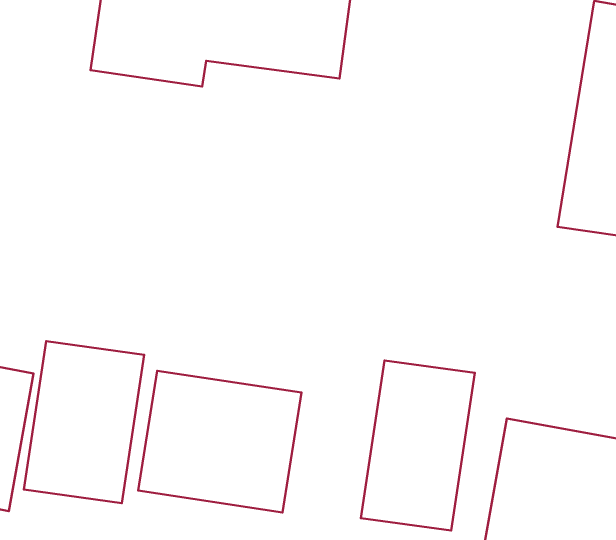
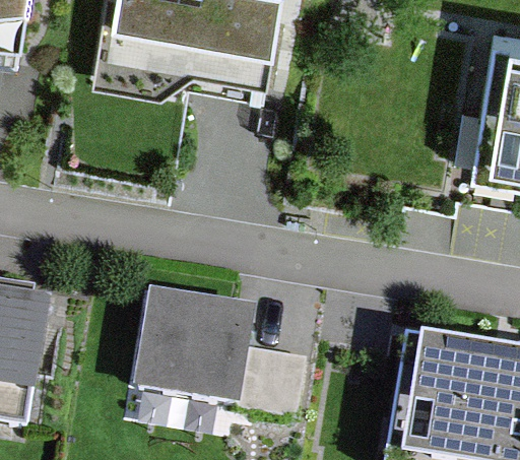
building: [24,341,144,503] -> none
building: [361,360,475,531] -> none

